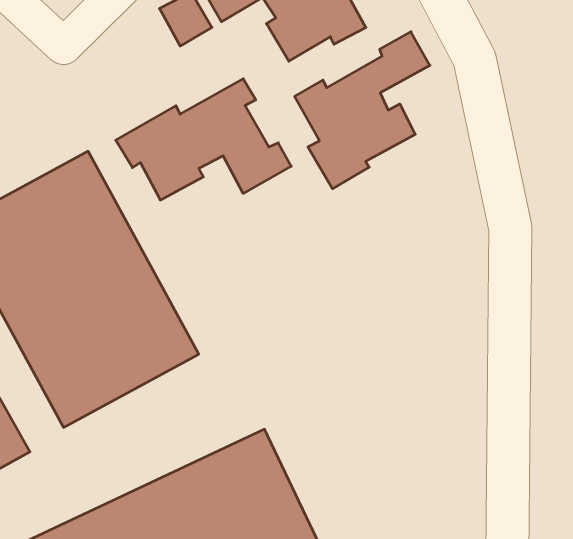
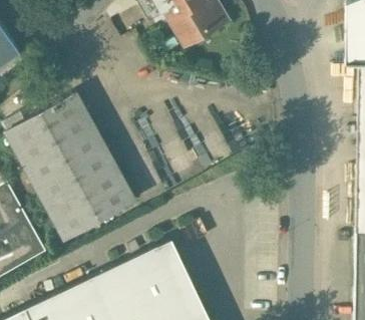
building: [295,32,430,189] -> none
building: [116,79,291,200] -> none

